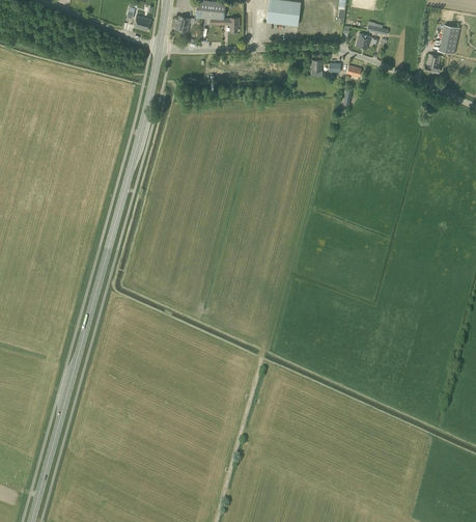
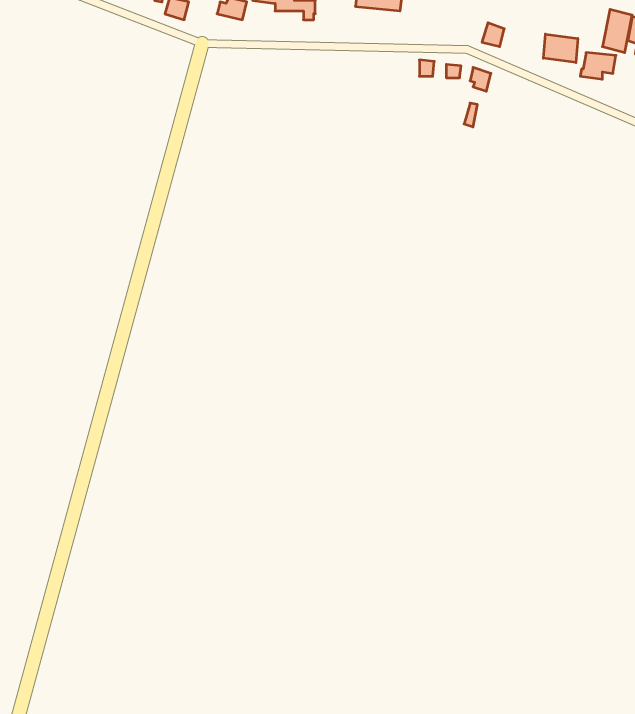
building: none -> [543,34,578,63]

